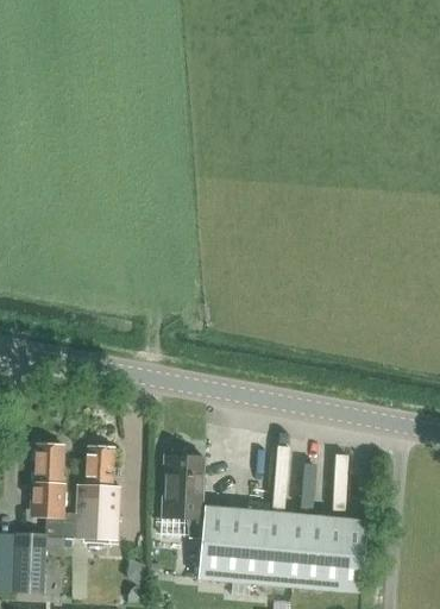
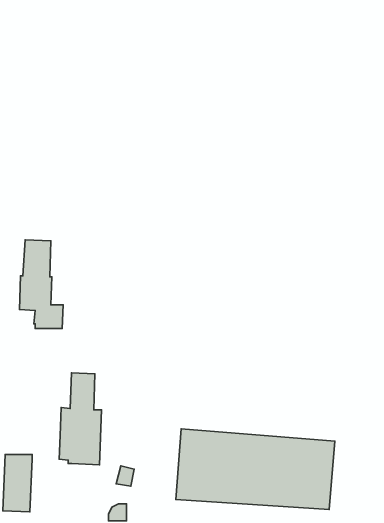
building: [29,444,75,538] -> [19,240,63,328]
building: [159,453,202,539] -> none

